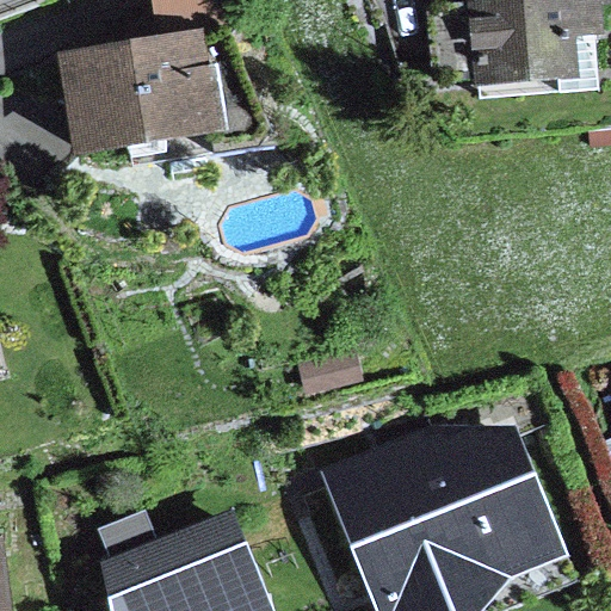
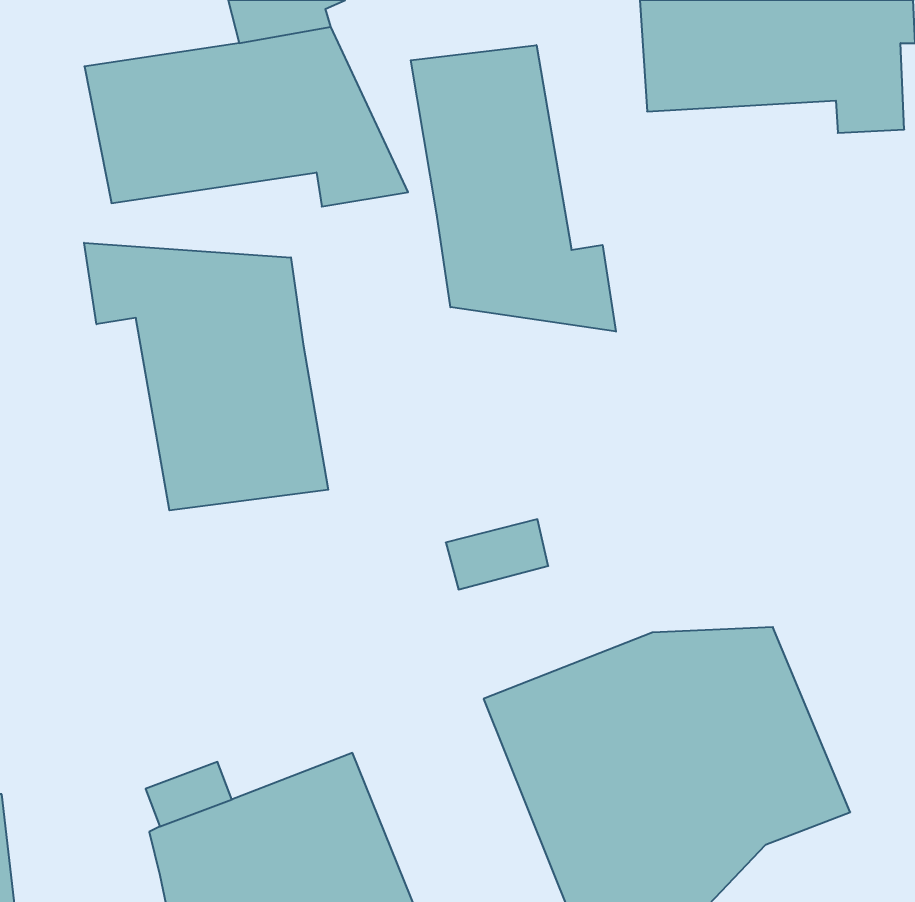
building: none -> [411,45,616,332]
building: none -> [84,243,328,510]

